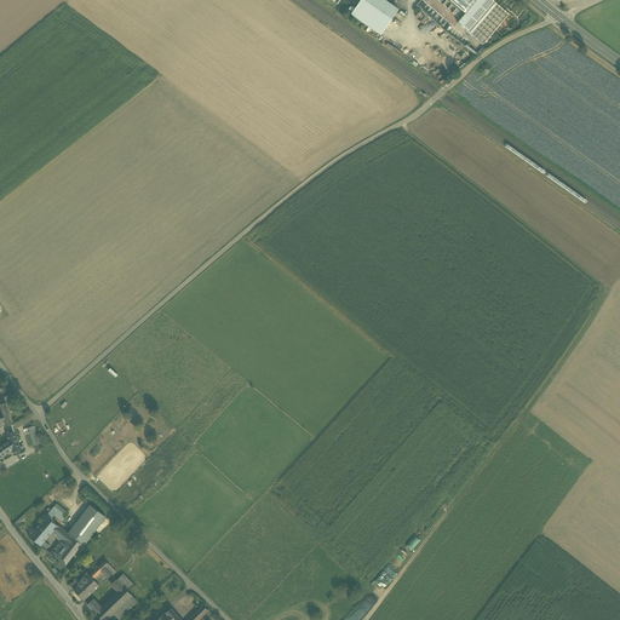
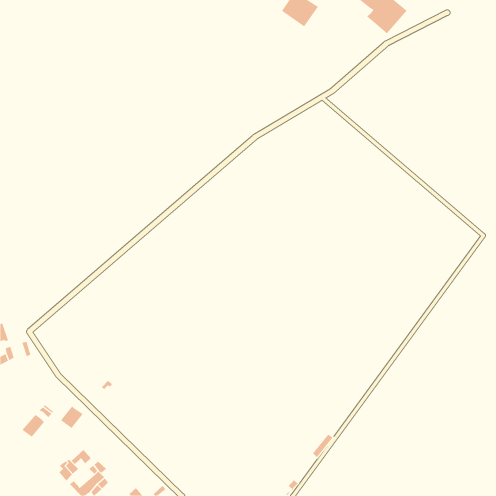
building: [50,523,90,564] -> none

